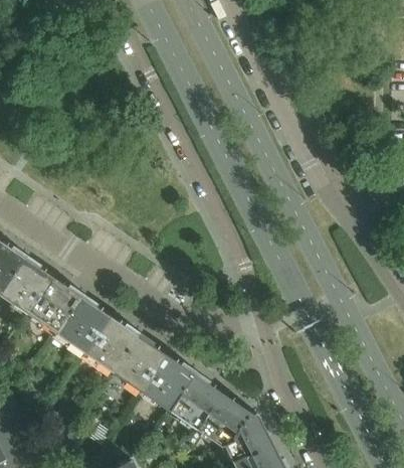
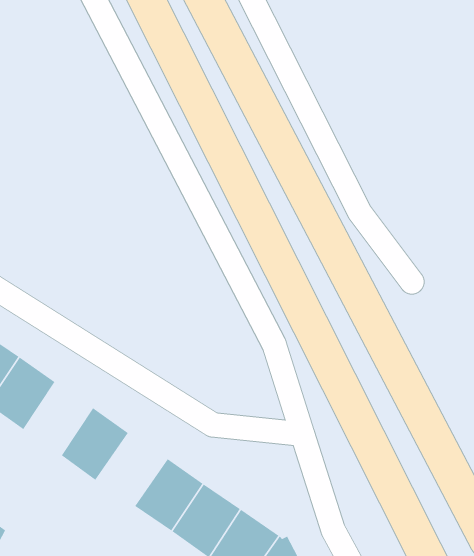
building: [55,296,108,351] -> none
building: [110,334,164,389] -> none

